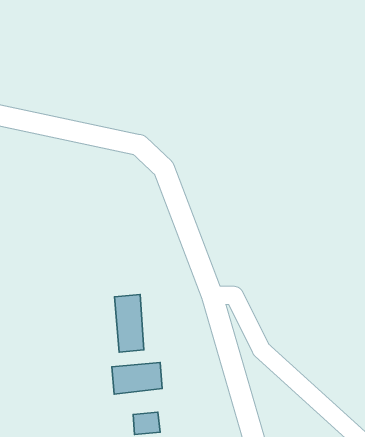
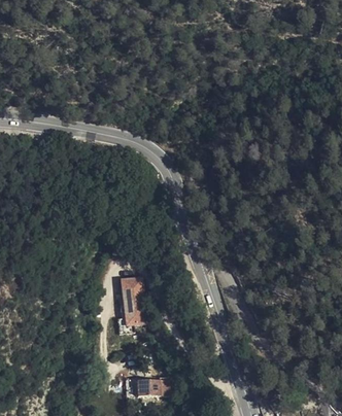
building: [112,362,162,394] -> none

